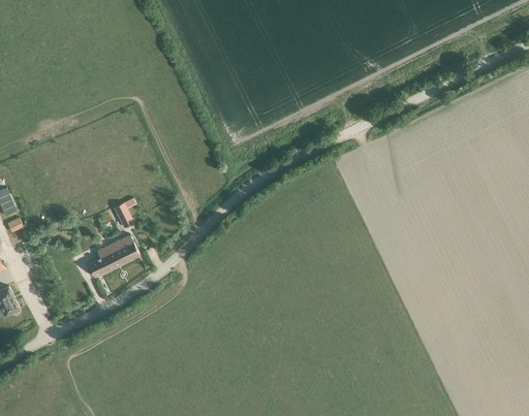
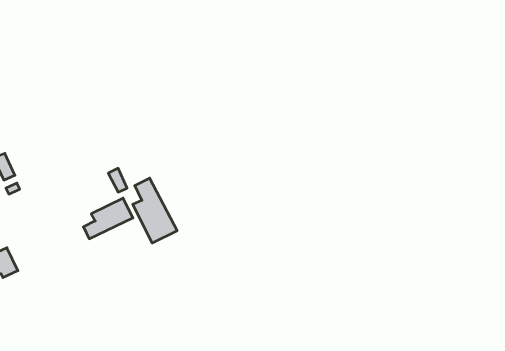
building: none -> [133,178,177,243]

